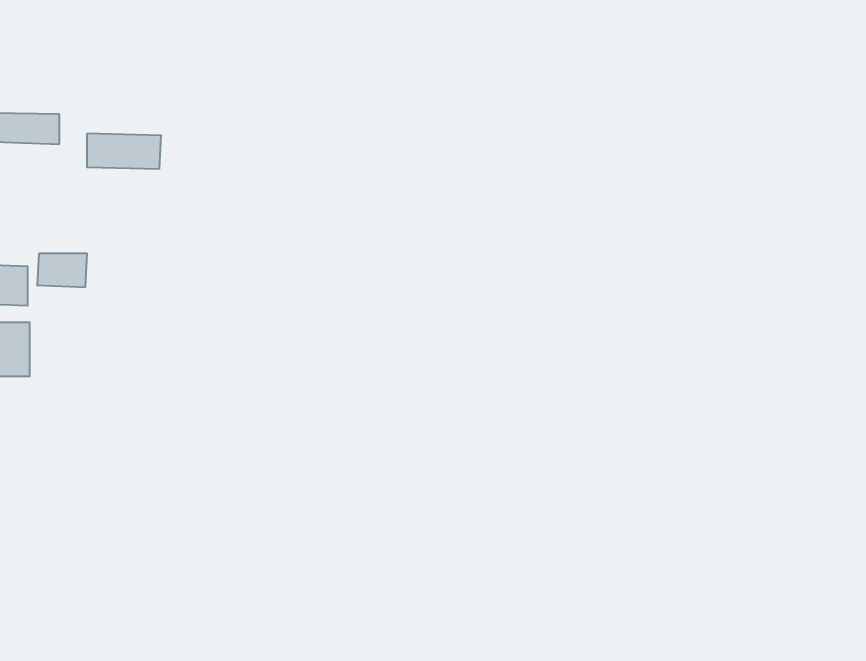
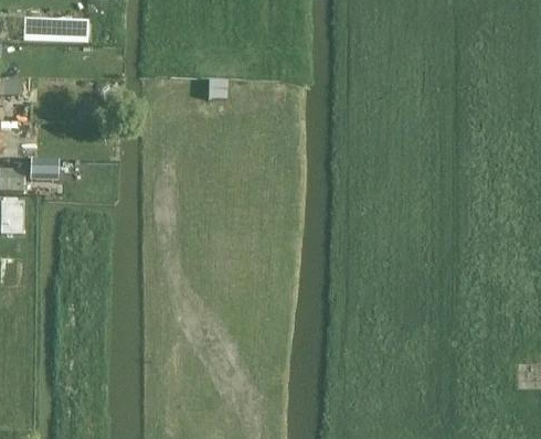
building: [87,134,161,169] -> [41,19,85,40]

